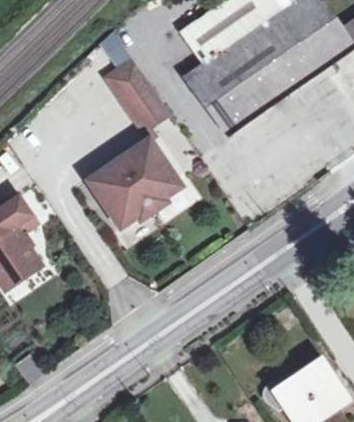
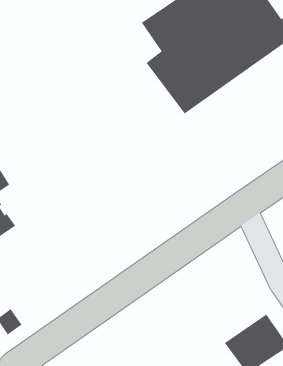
building: [106,58,169,130] -> none
building: [86,138,180,226] -> none

